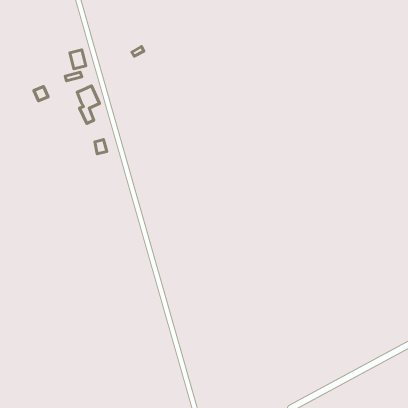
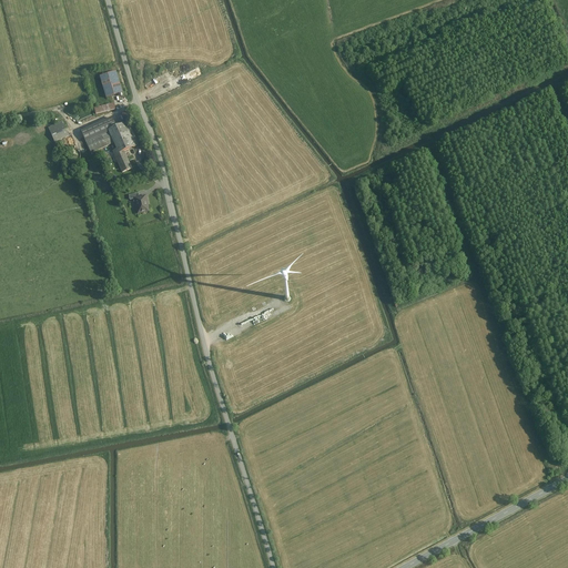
building: none -> [80,115,114,152]

